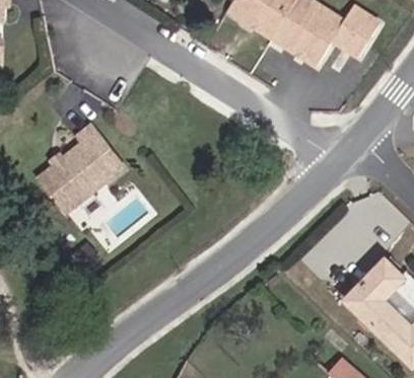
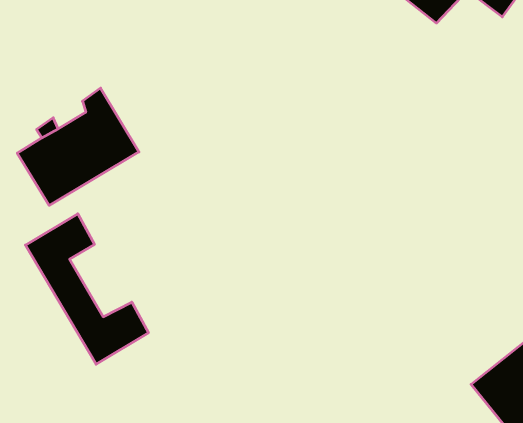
building: none -> [25,214,148,364]

